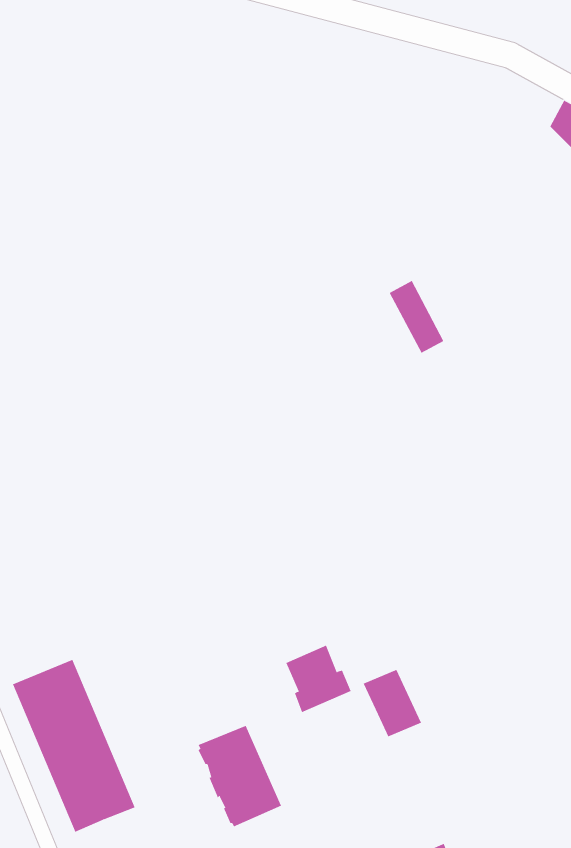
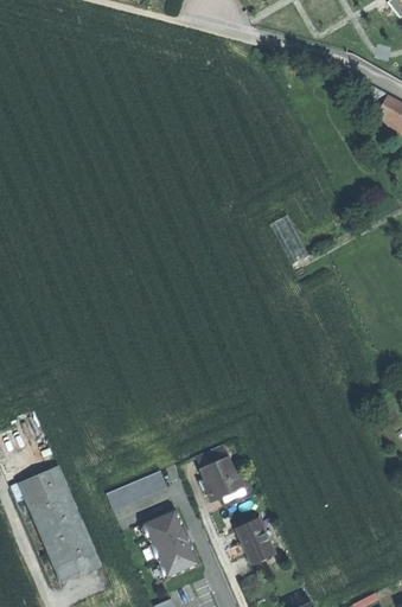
building: none -> [106,471,166,510]
building: [363,669,422,737] -> [236,518,275,563]

